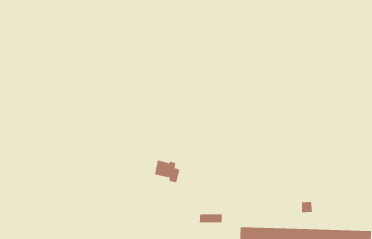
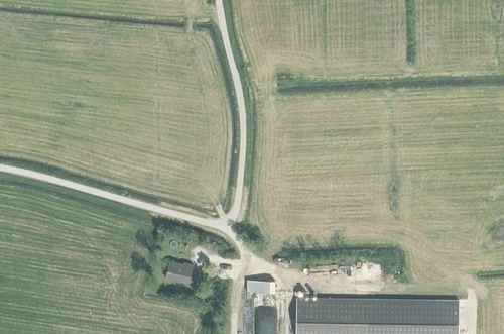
building: [154,160,180,183] -> [165,261,198,290]

